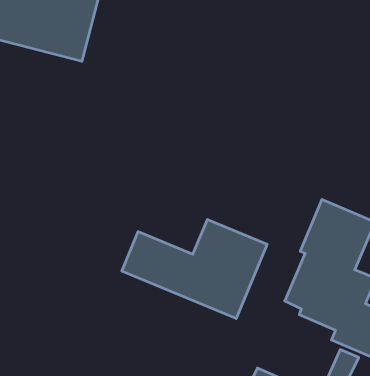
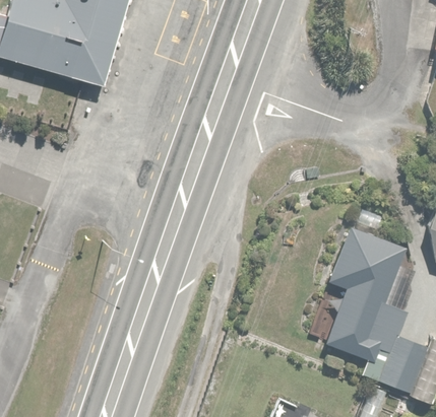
building: [122,219,267,319] -> none

